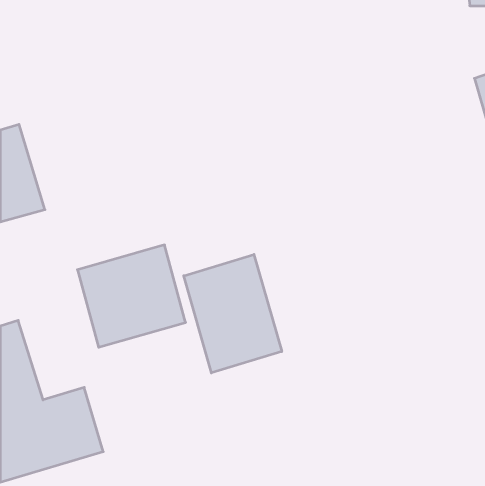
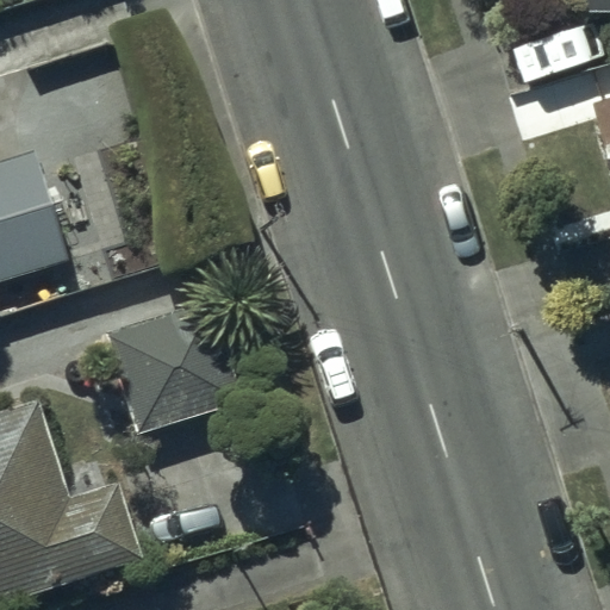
building: [184,254,282,373] -> none

